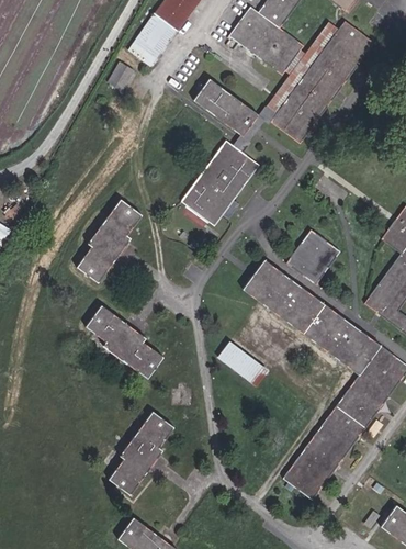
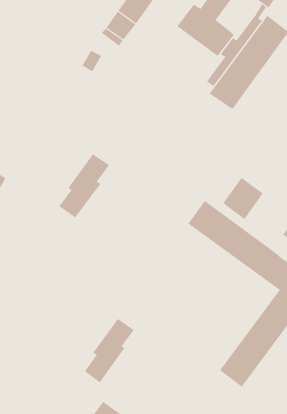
building: [193,79,257,136] -> none
building: [180,139,259,225] -> none
building: [86,305,163,378] -> none
building: [217,340,268,385] -> none

